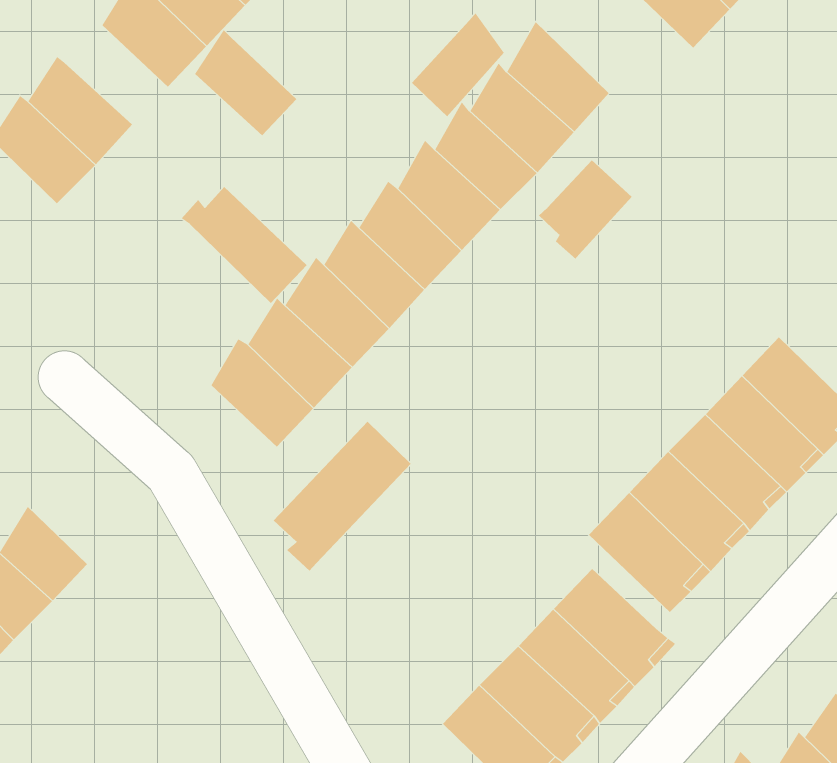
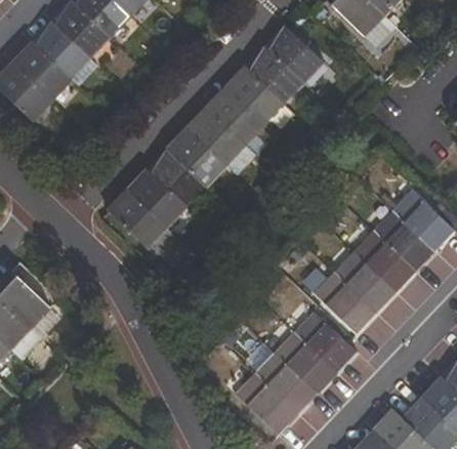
building: [411,12,505,117] -> none
building: [194,29,297,136] -> [35,21,89,77]
building: [538,159,633,259] -> none
building: [181,186,307,304] -> none
building: [273,421,411,571] -> none

